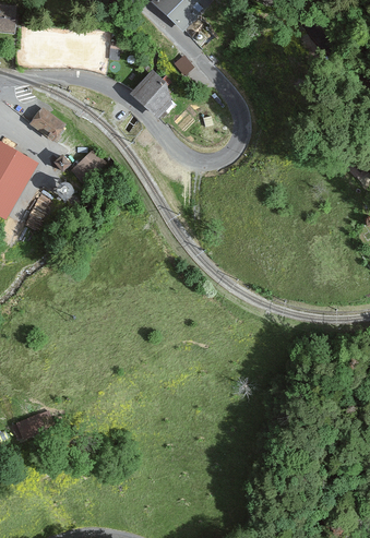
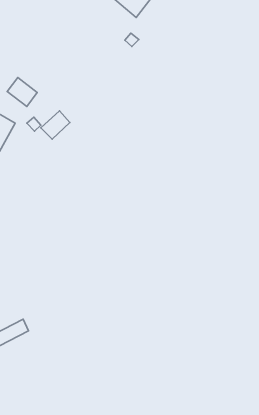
building: [130,71,172,113] -> none

